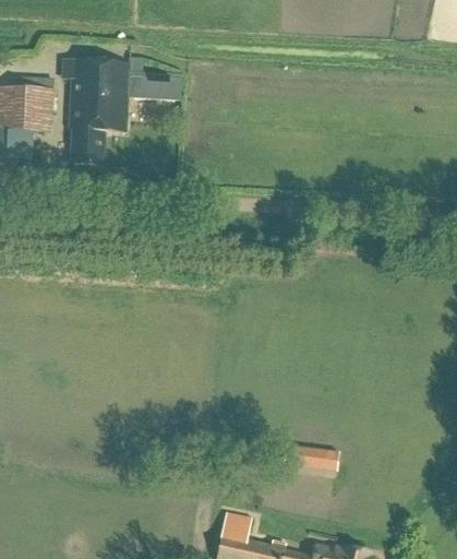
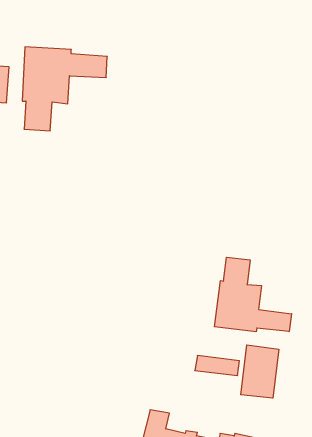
building: none -> [214,257,292,332]
building: none -> [241,345,279,398]

